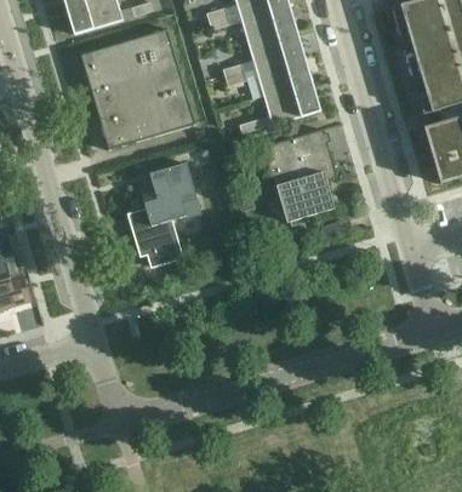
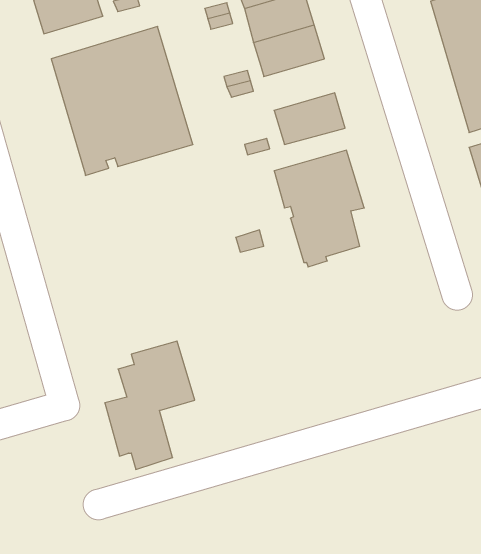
building: [255,53,313,96] -> none
building: [127,161,201,267] -> [105,341,195,469]

